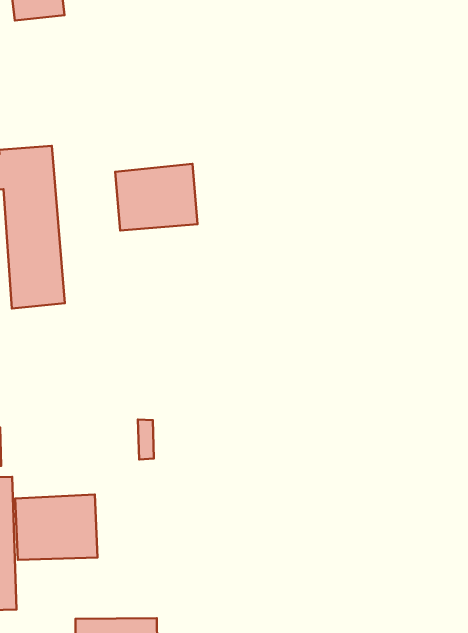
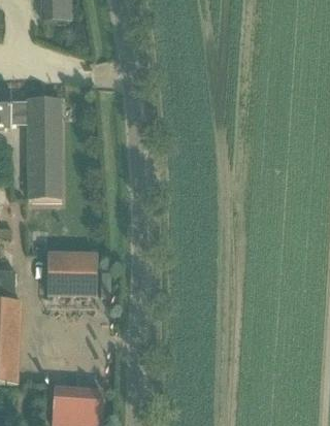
building: [115,164,198,230] -> none
building: [15,494,98,560] -> [46,256,97,296]

